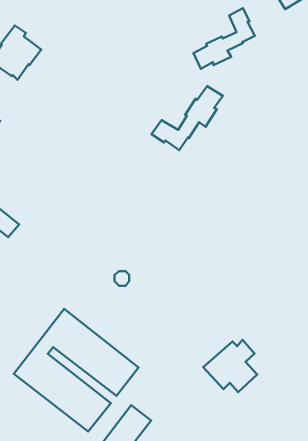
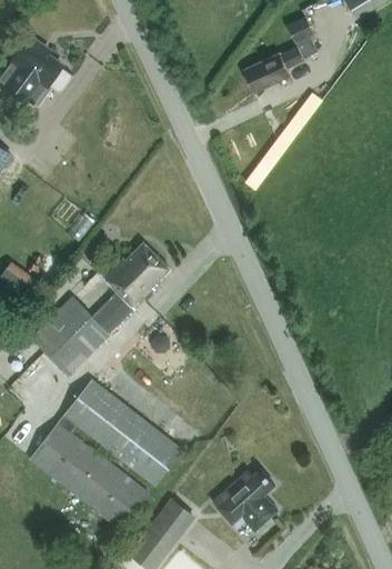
building: [151,86,223,150] -> none
building: none -> [30,244,168,377]
building: [203,340,257,392] -> [212,468,278,531]

